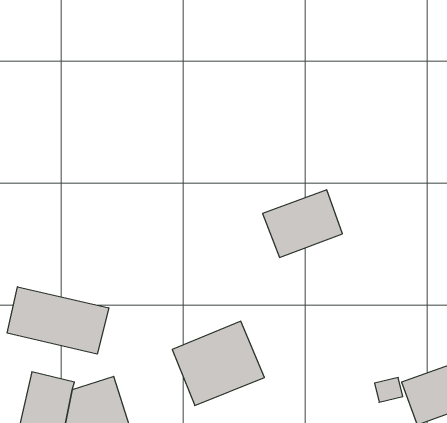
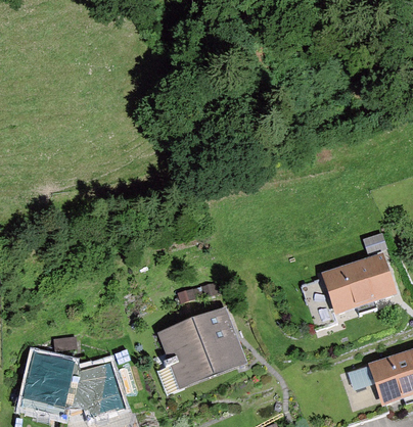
building: [263,190,342,257] -> [324,253,397,315]
building: [7,287,109,354] -> none

